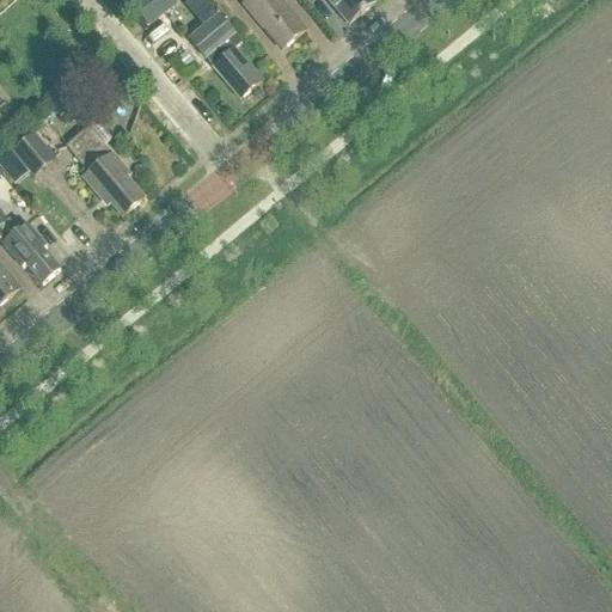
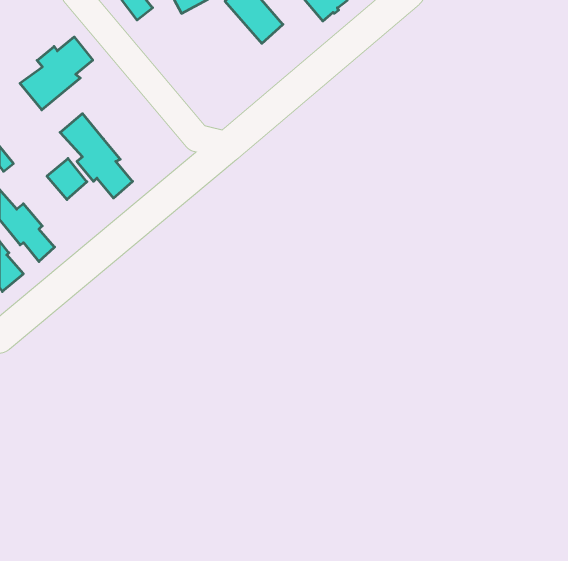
building: [189,11,261,94] -> none
building: none -> [20,37,93,110]
building: [7,126,50,170] -> [47,158,87,200]

